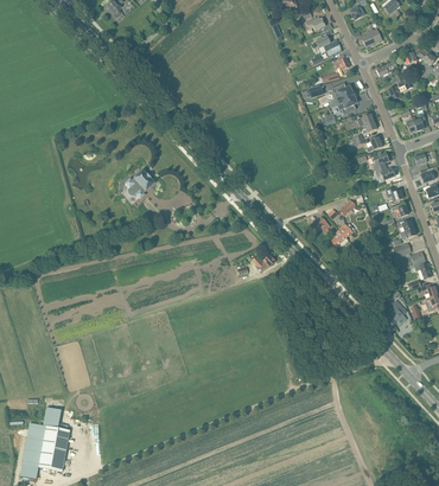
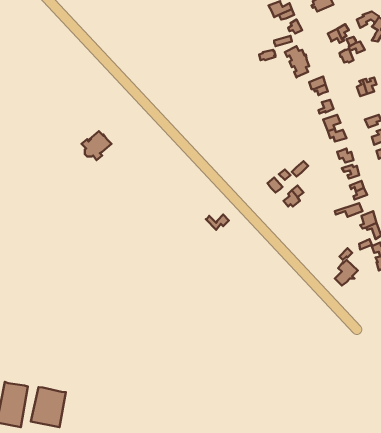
building: none -> [31,387,66,427]

